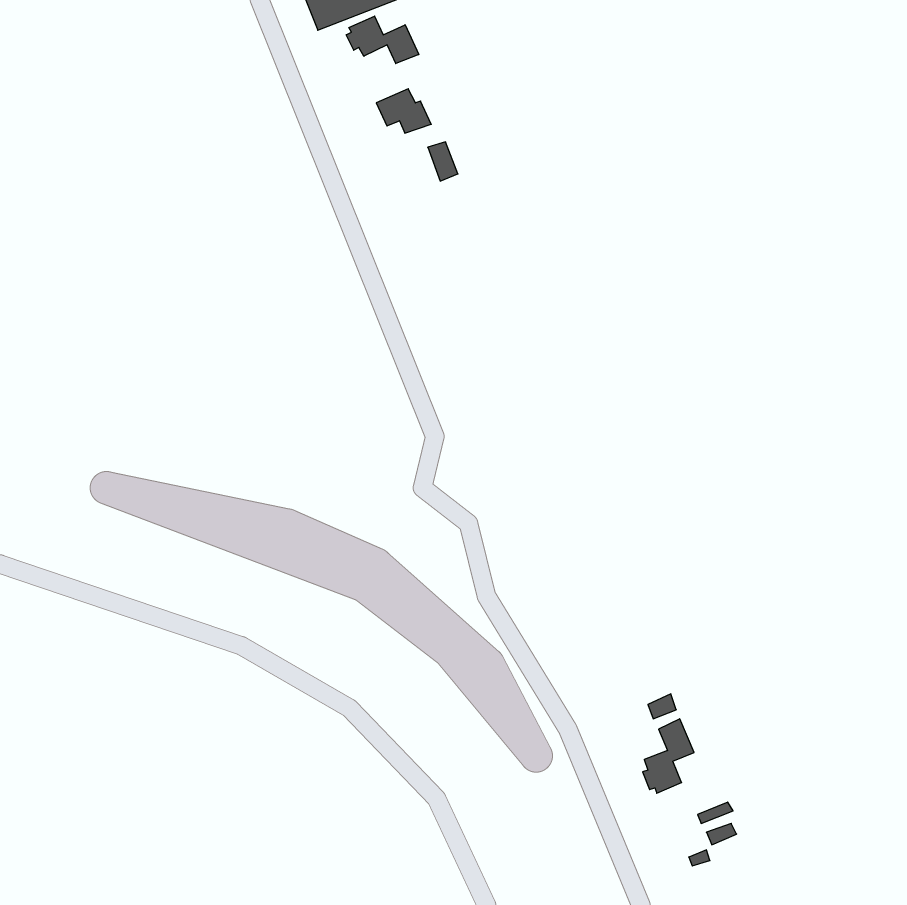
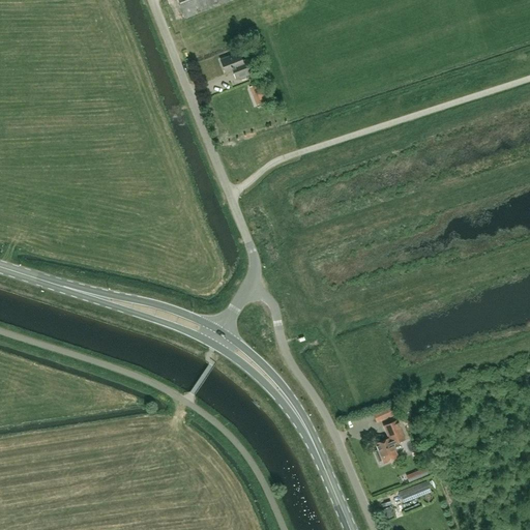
building: [346,16,419,64] -> none

